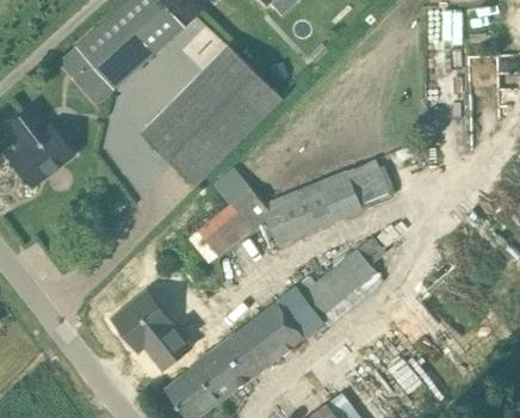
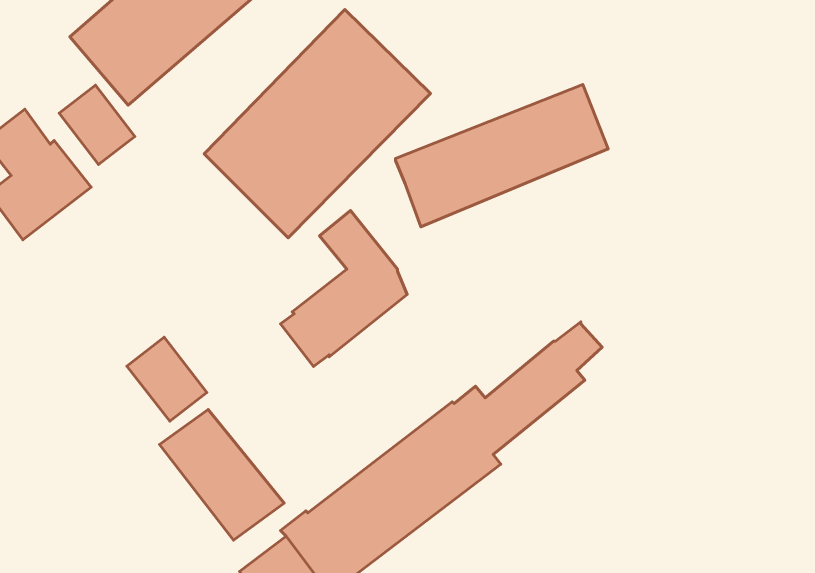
building: none -> [59,85,135,164]
building: [260,160,390,247] -> [396,84,608,227]
building: none -> [127,337,207,421]

